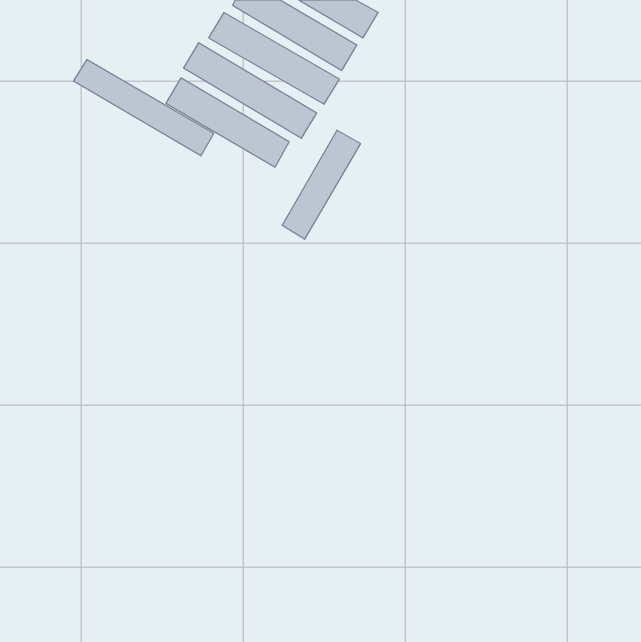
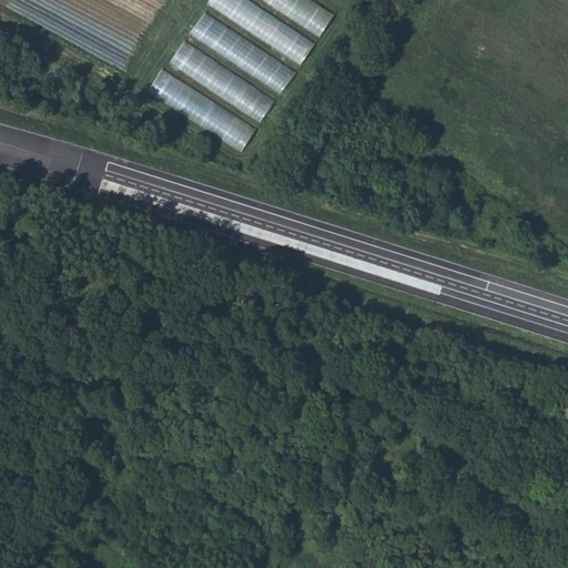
building: [73,60,214,156] -> none
building: [282,130,361,239] -> none

